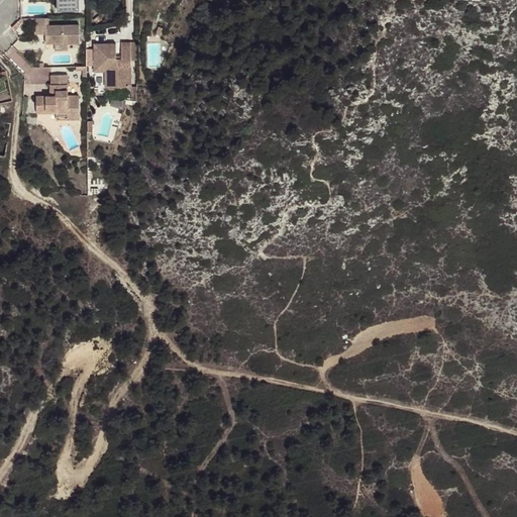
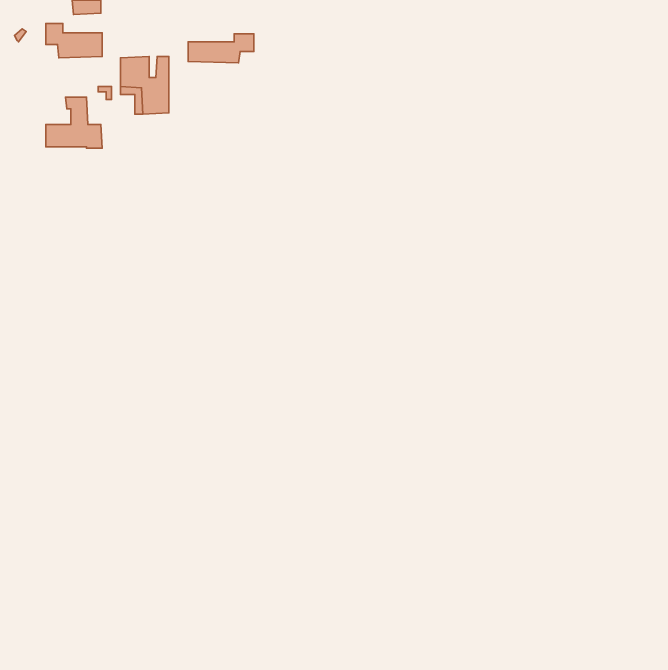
building: none -> [188,34,254,63]

